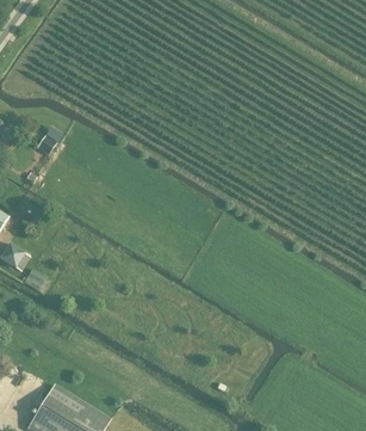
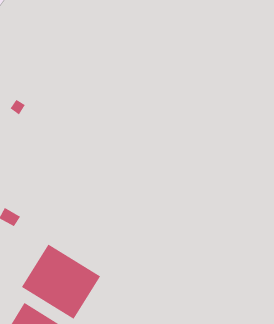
building: none -> [21,243,101,320]

